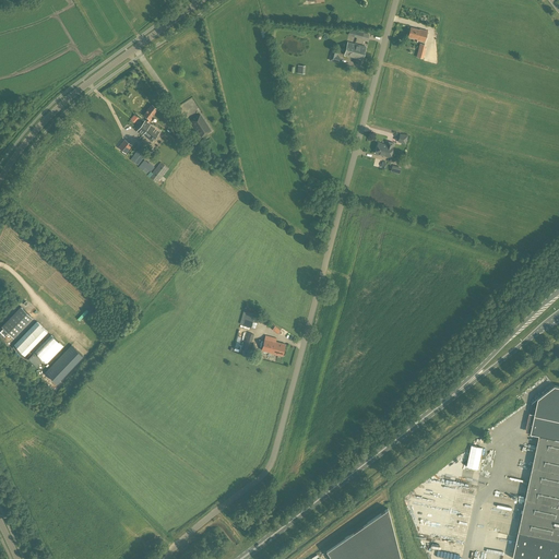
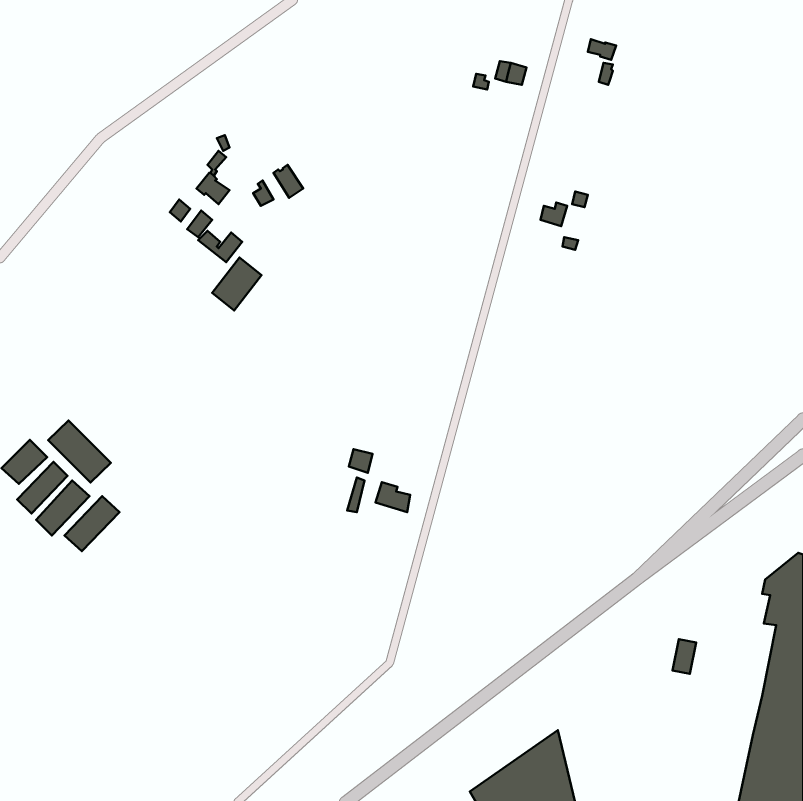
building: none -> [212,258,261,310]
building: none -> [48,421,111,482]

